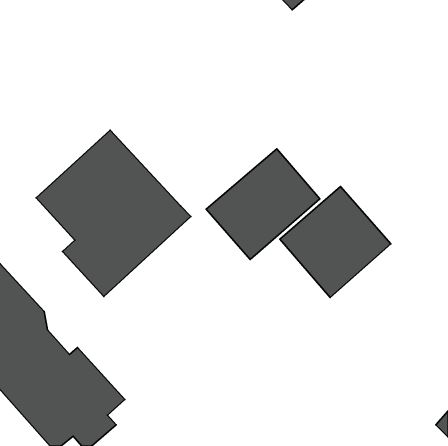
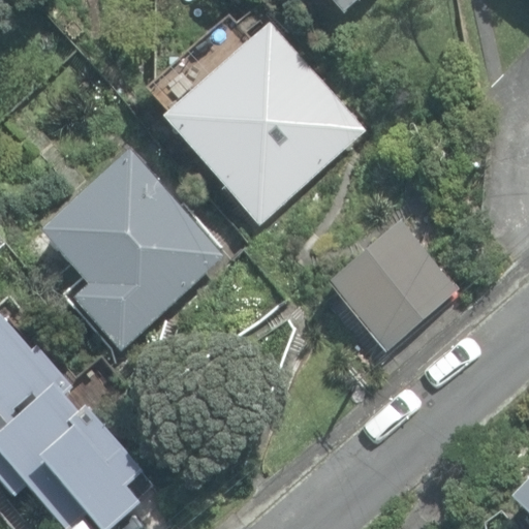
building: none -> [166,24,364,221]
building: [206,149,320,259] -> none

